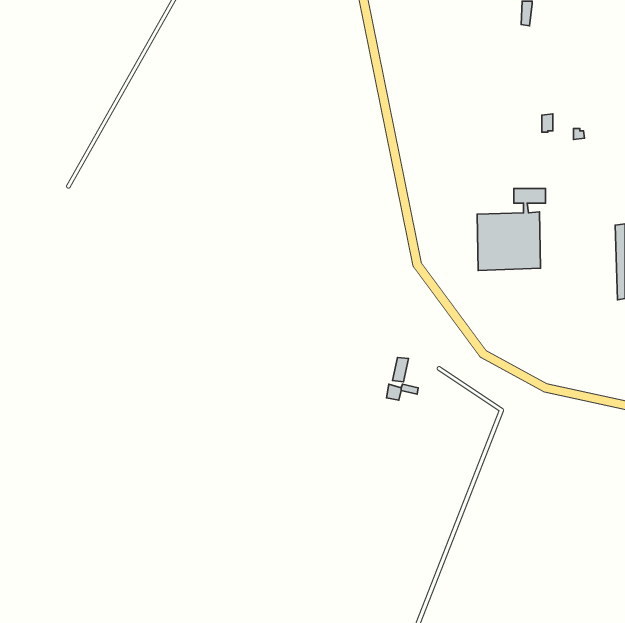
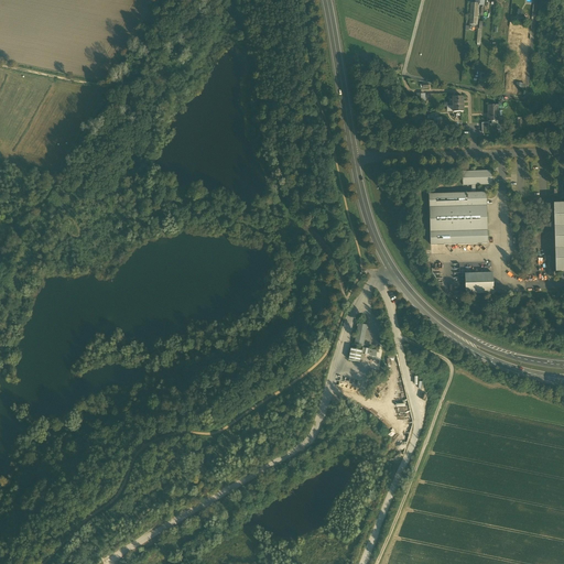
building: none -> [465,271,494,292]

